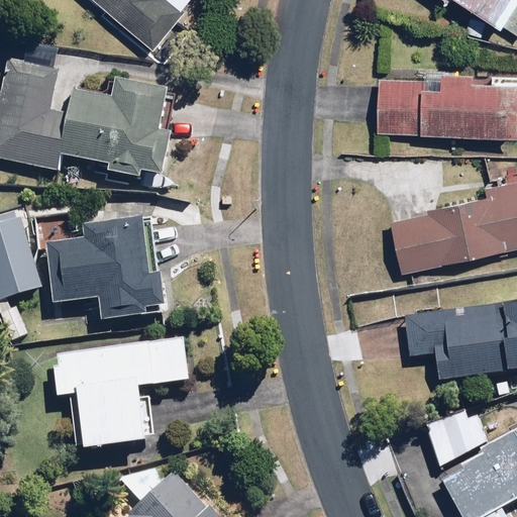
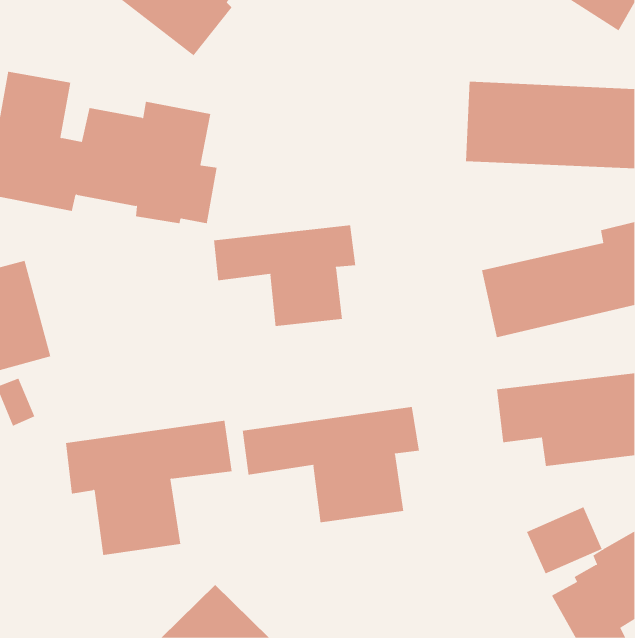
building: none -> [213,225,356,327]
building: [46,217,167,319] -> none
building: none -> [242,406,419,523]

